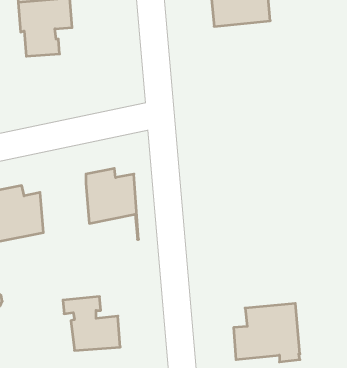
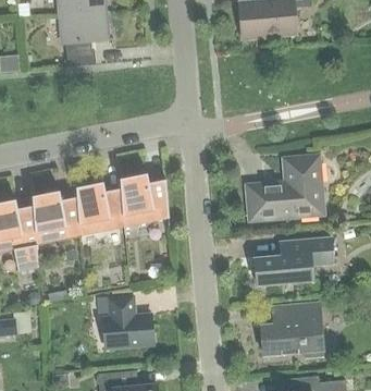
building: none -> [248,157,321,218]
building: none -> [75,181,123,234]
building: none -> [253,236,332,285]

